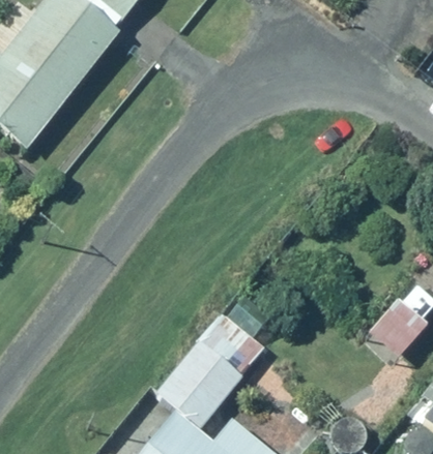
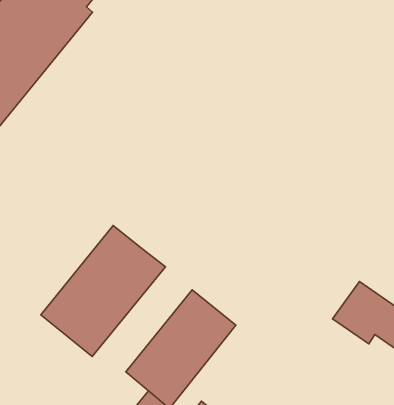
building: none -> [41,225,166,357]

